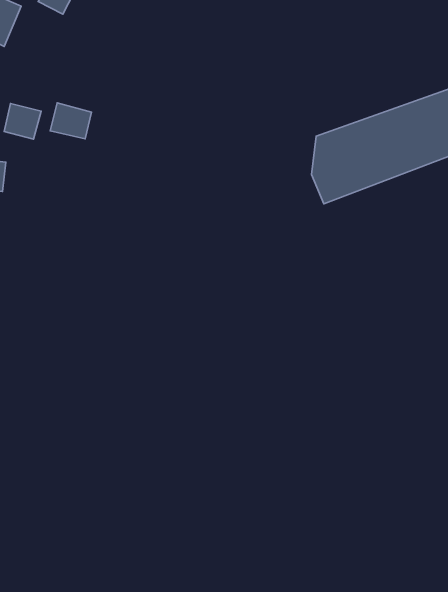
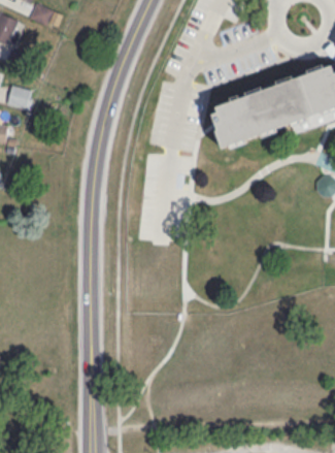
building: [50,103,91,139] -> none

